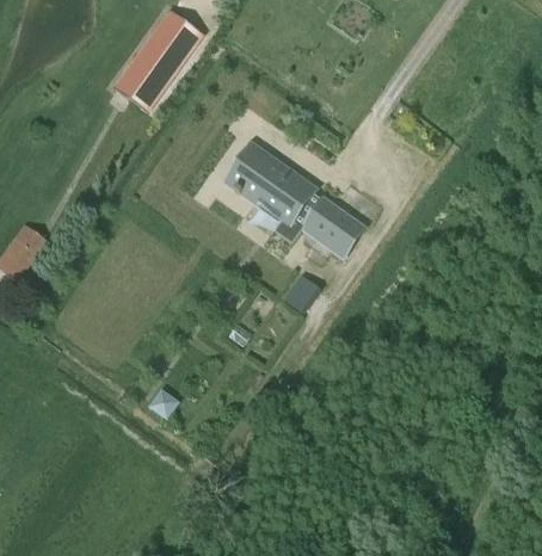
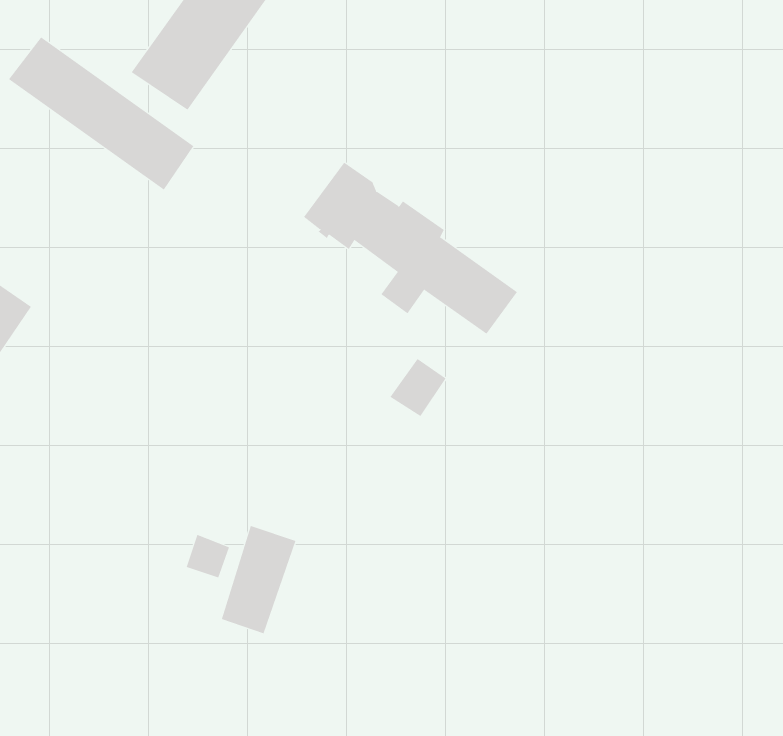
building: none -> [8,37,194,190]
building: none -> [221,525,296,634]

